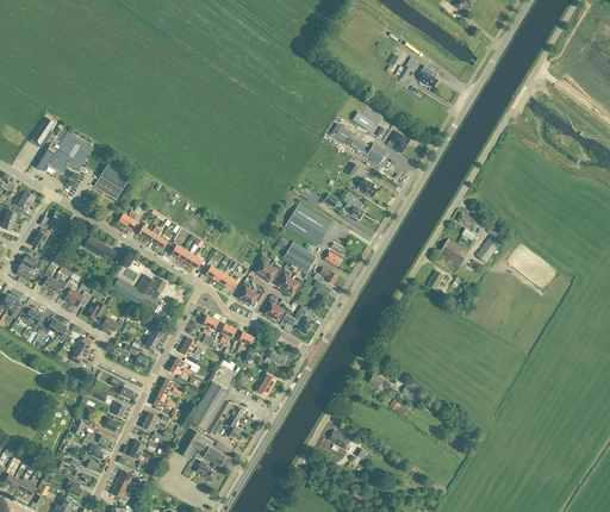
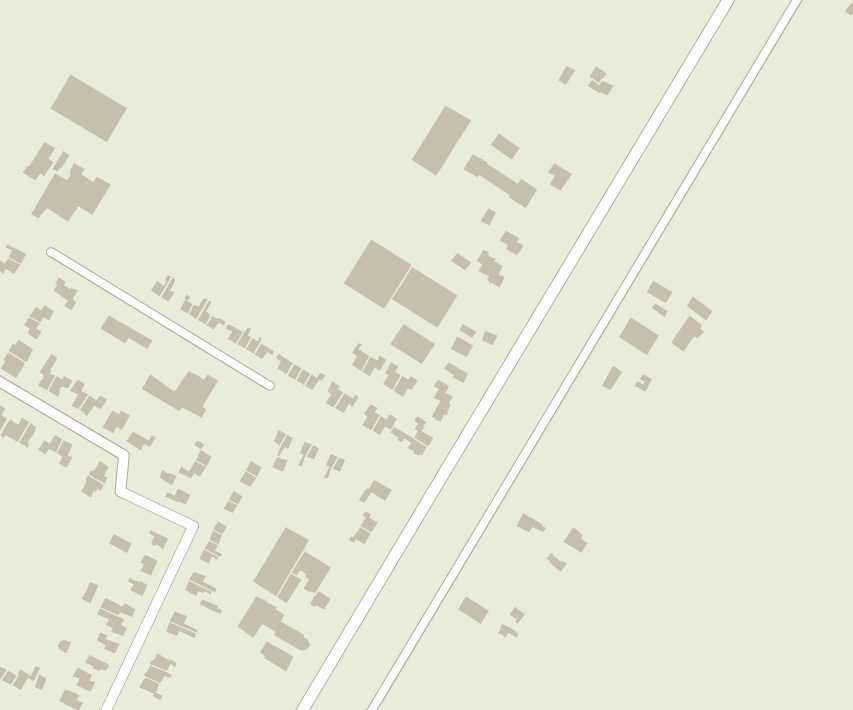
building: none -> [50,73,128,143]
building: none -> [411,105,472,177]
building: [95,163,130,199] -> none
building: none -> [343,239,413,310]

